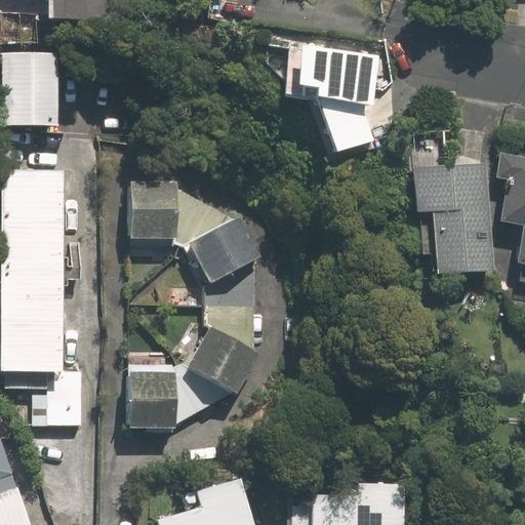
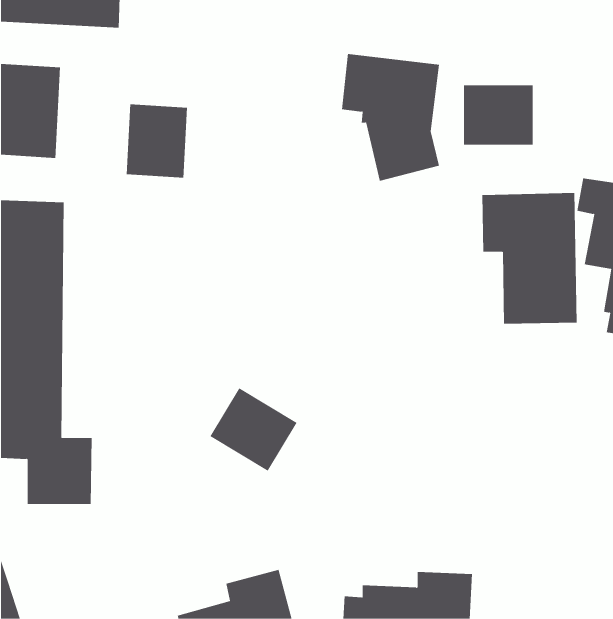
building: none -> [463,85,533,146]
building: [126,178,178,241] -> [126,104,188,178]
building: [187,216,260,285] -> none
building: [121,366,176,429] -> none

